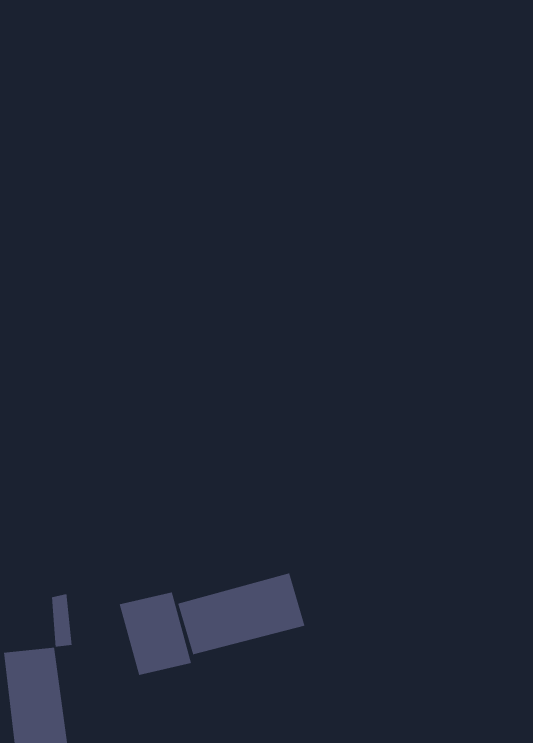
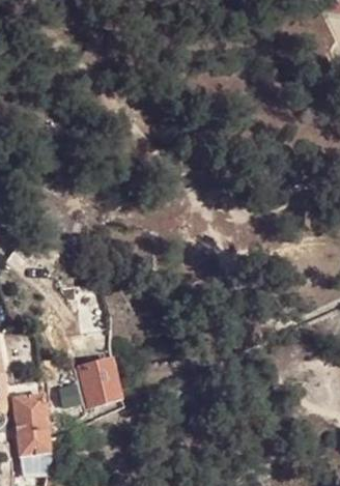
building: [178,572,305,655] -> none

